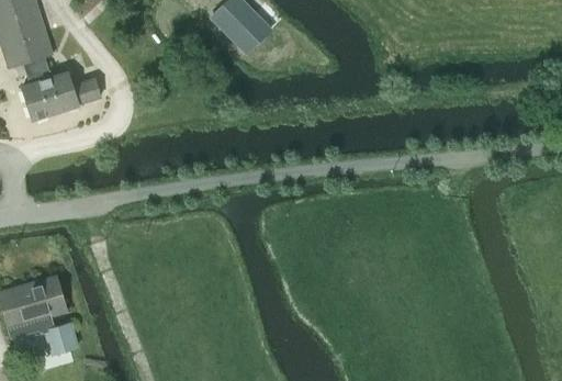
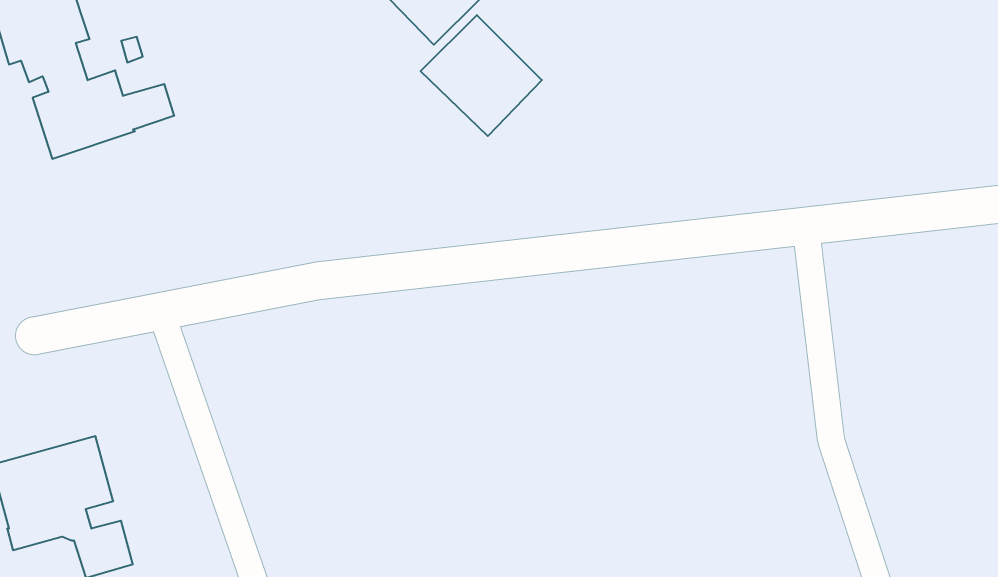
building: none -> [421,15,542,136]

